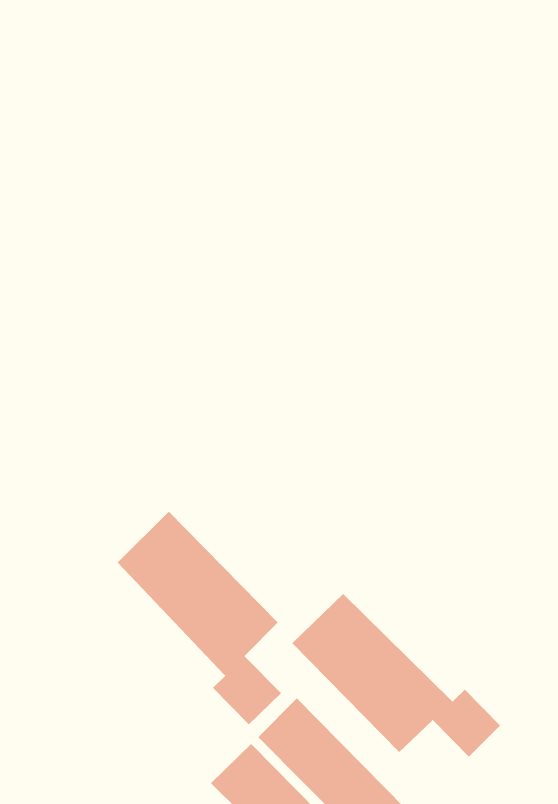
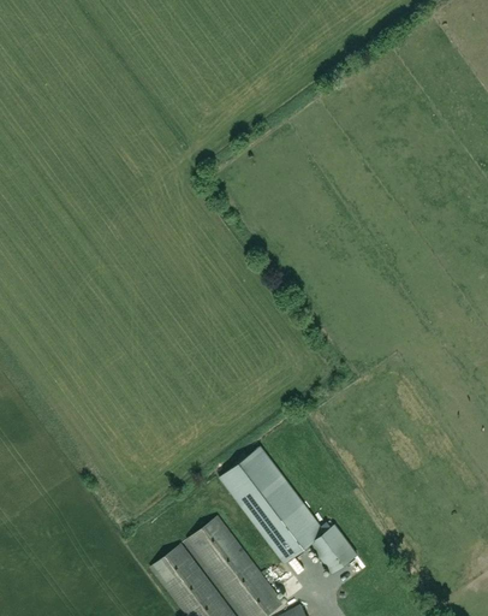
building: [117,511,282,725] -> none

